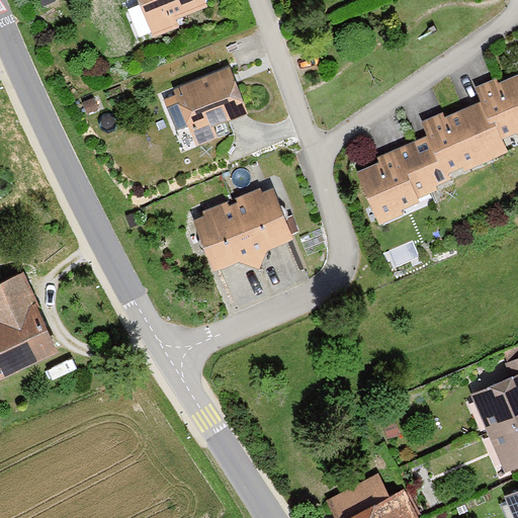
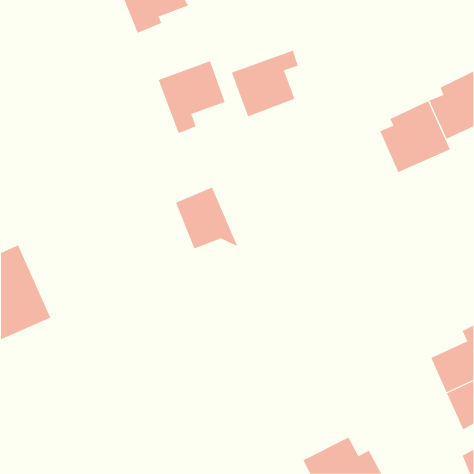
building: none -> [231,50,298,117]
building: [359,143,435,223] -> none
building: [232,188,290,269] -> none

